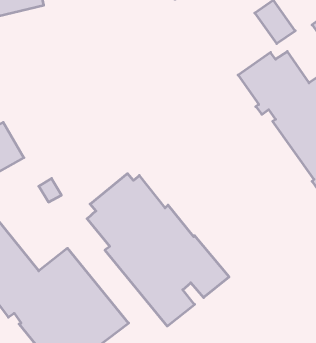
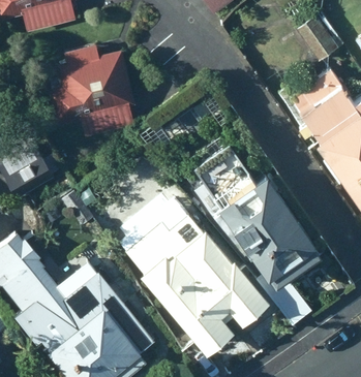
building: none -> [47,45,134,137]
building: none -> [197,149,320,324]

